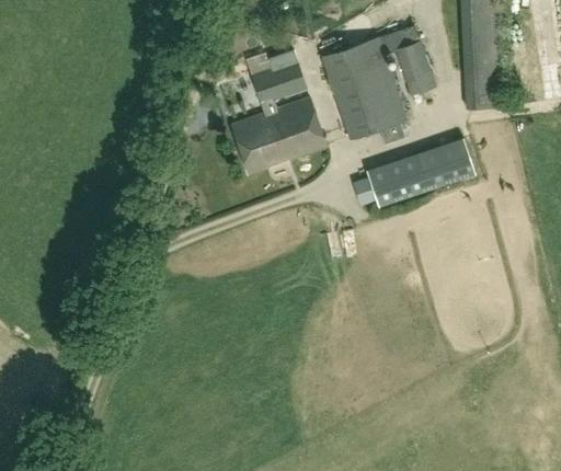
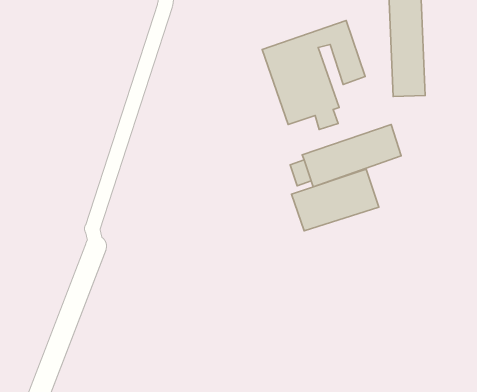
building: [230,59,325,174] -> none
building: none -> [291,169,379,231]

